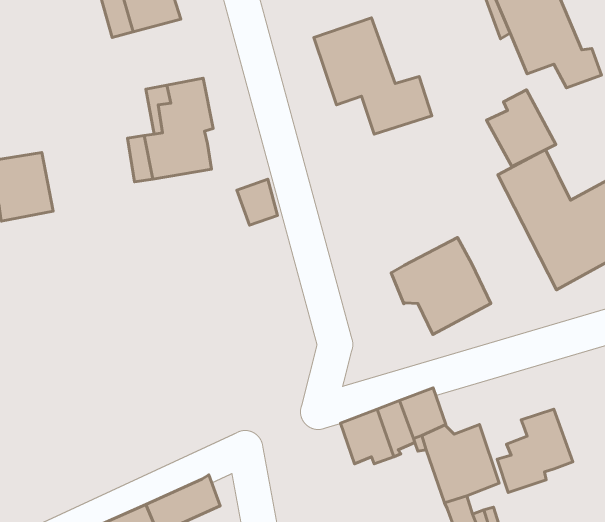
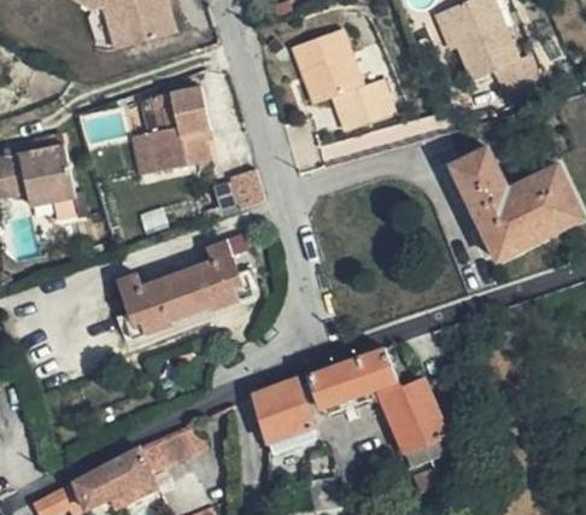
building: [487,90,556,166] -> none
building: [391,238,491,334] -> none
building: none -> [110,239,254,338]
building: [497,409,573,492] -> none
building: none -> [256,385,318,458]

